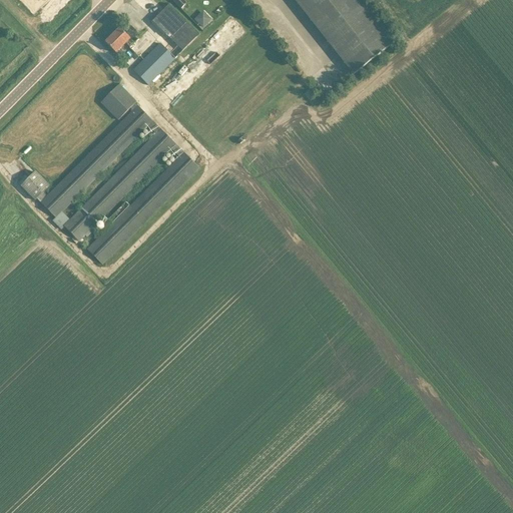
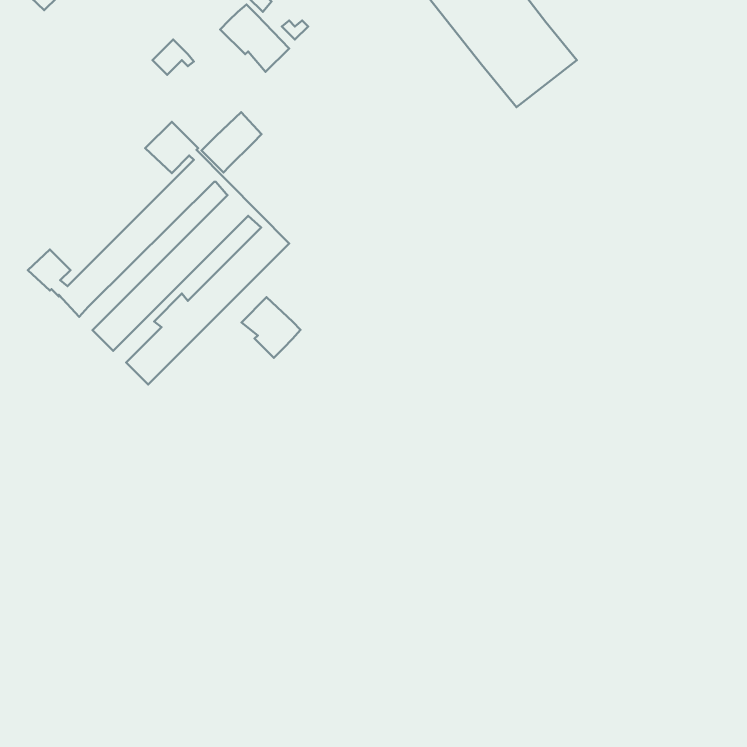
building: [132,42,173,83] -> [201,112,262,172]
building: none -> [242,297,301,358]

